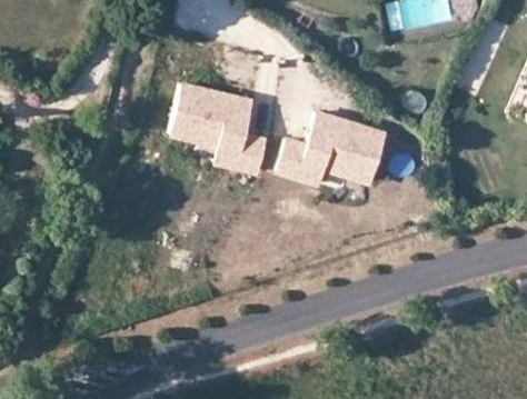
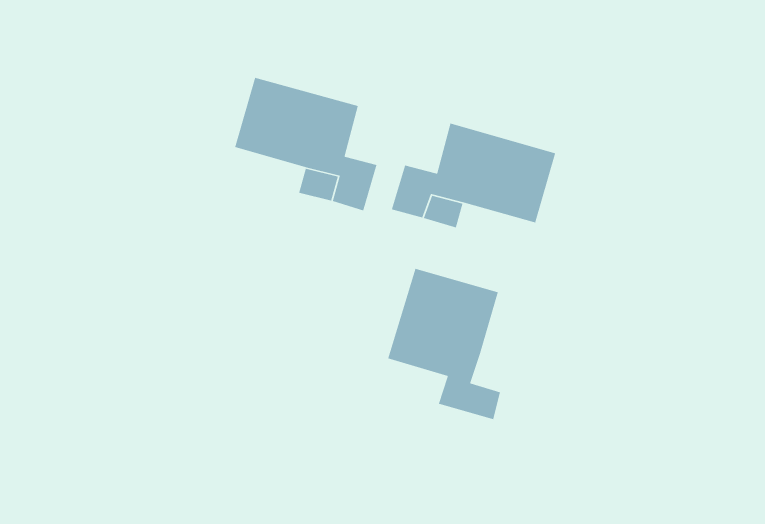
building: none -> [387,268,501,420]

